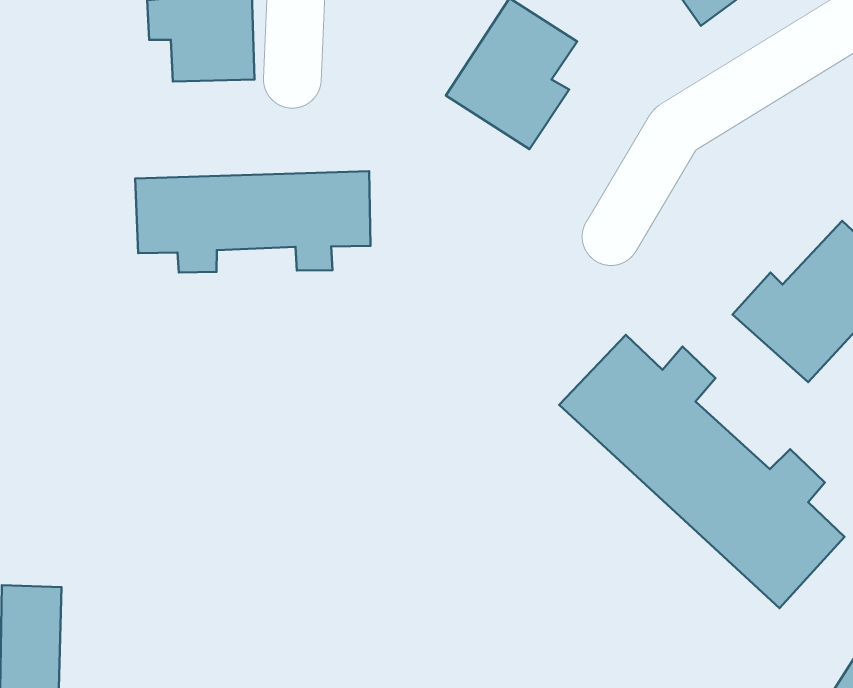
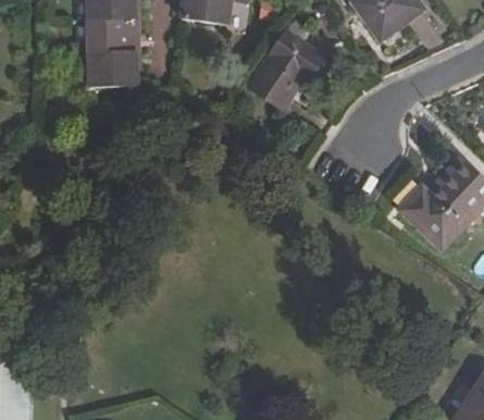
building: [135,171,370,273] -> none
building: [559,335,845,608] -> none

